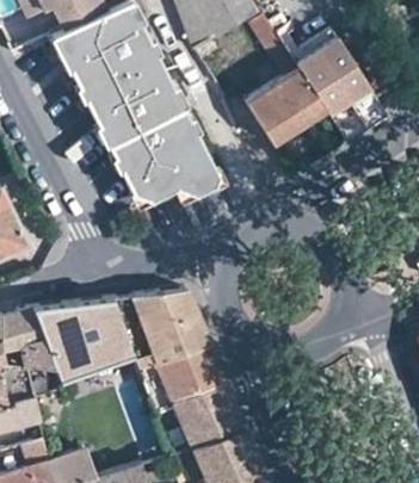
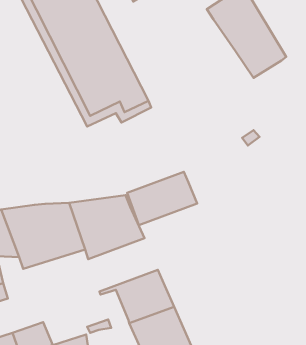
building: [247,72,324,142] -> none
building: [140,345,227,411] -> [127,172,197,225]

